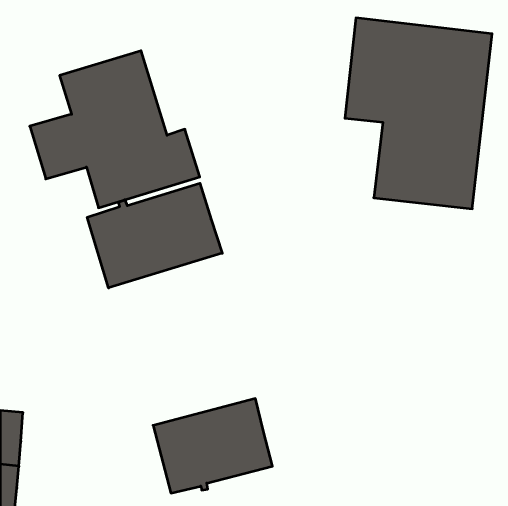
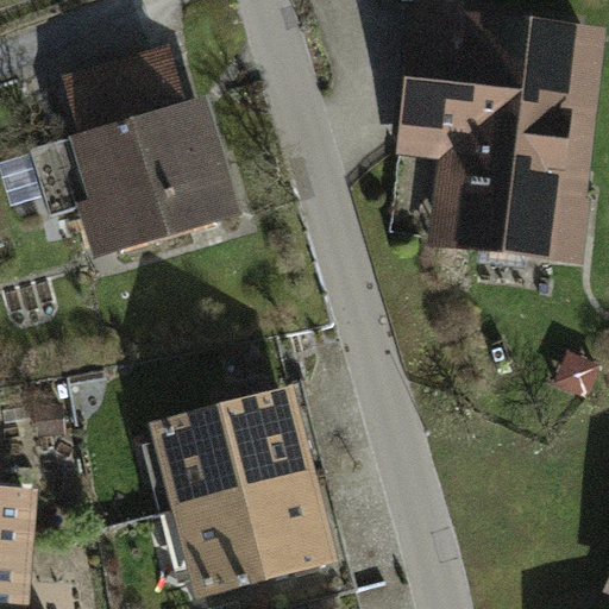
building: [87,183,222,288] -> none
building: none -> [163,400,306,511]

